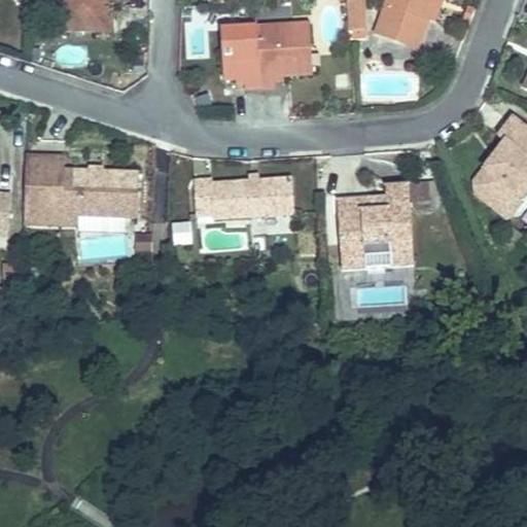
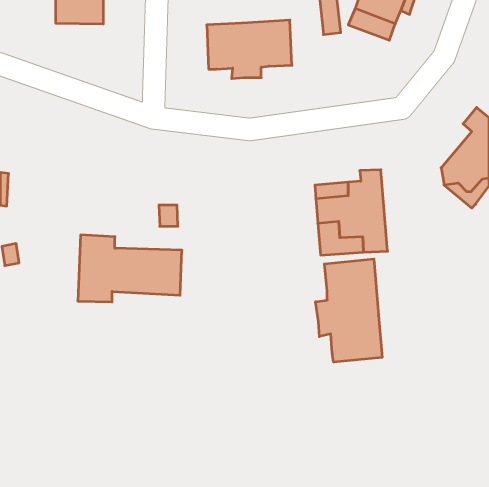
building: [24,151,136,223] -> [78,235,182,302]
building: [197,175,294,217] -> none
building: none -> [316,259,382,362]

